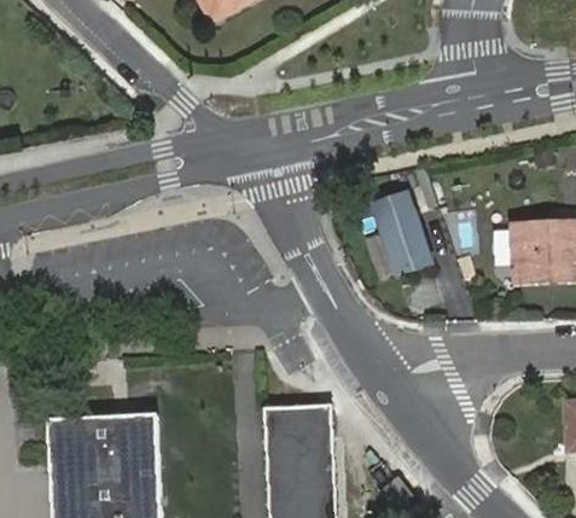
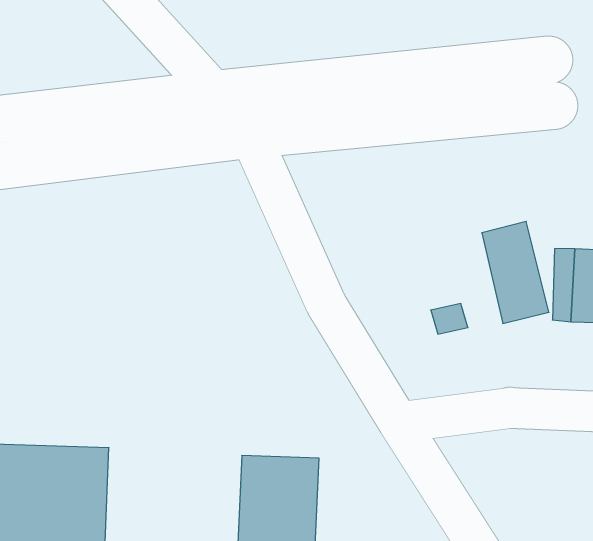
building: [374,196,432,277] -> [482,221,549,323]

